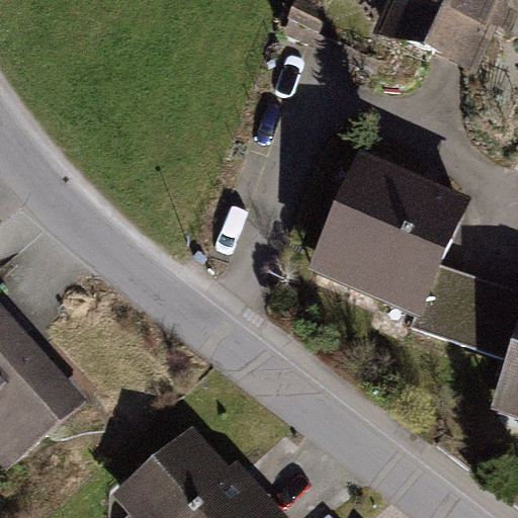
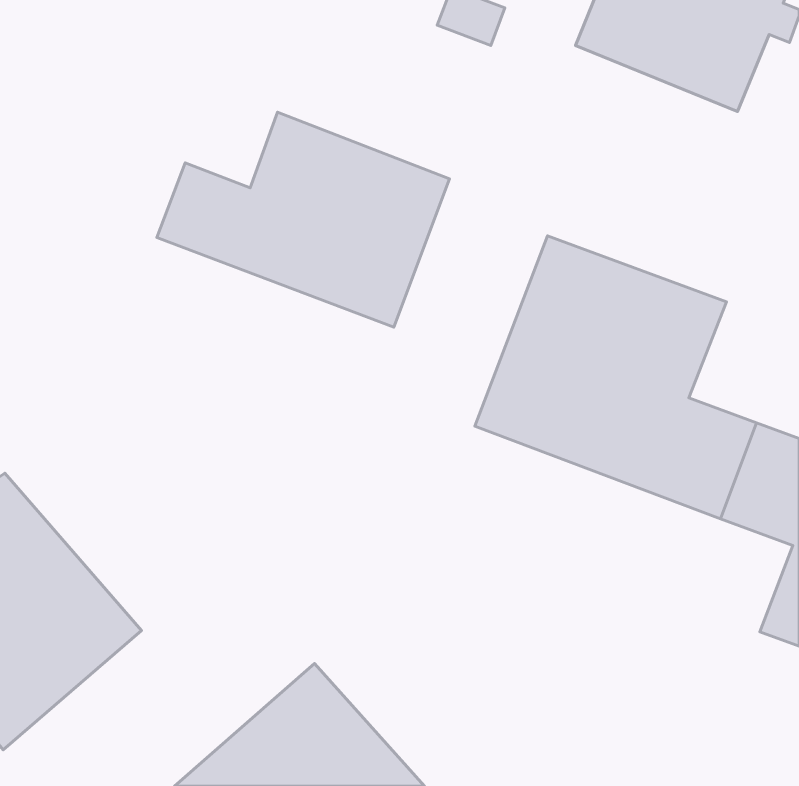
building: none -> [157,112,449,327]

